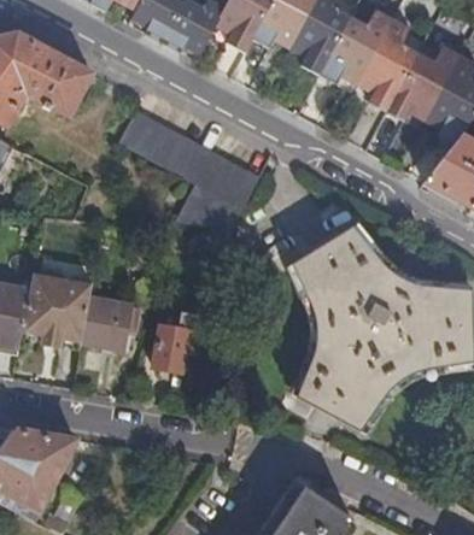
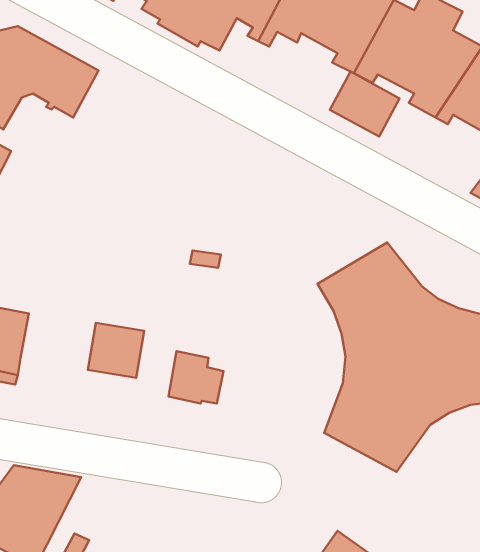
building: none -> [330,72,400,137]
building: [121,111,262,230] -> none
building: [22,270,92,341] -> none

